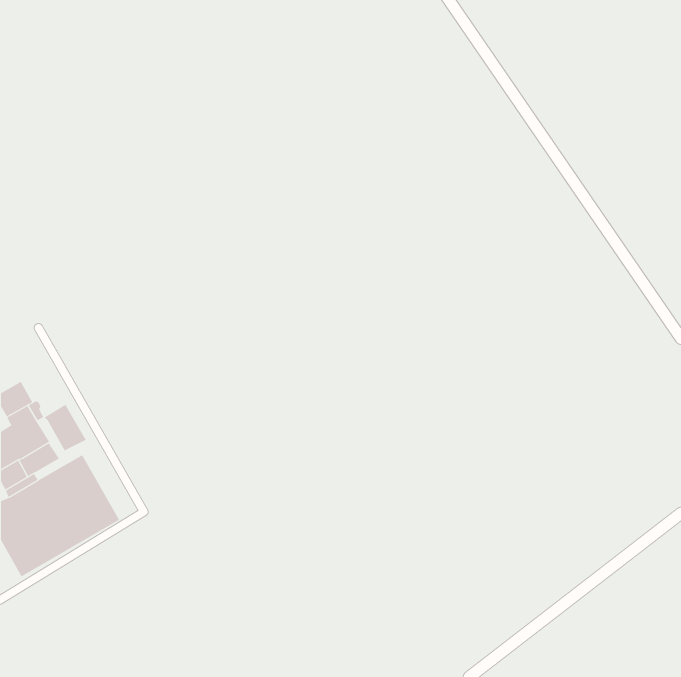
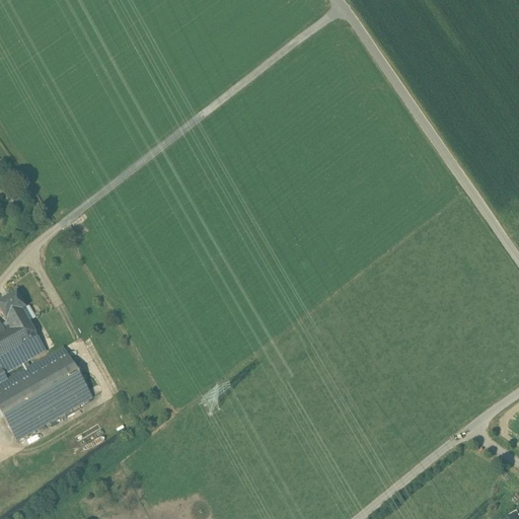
building: [44,404,87,451] -> none

